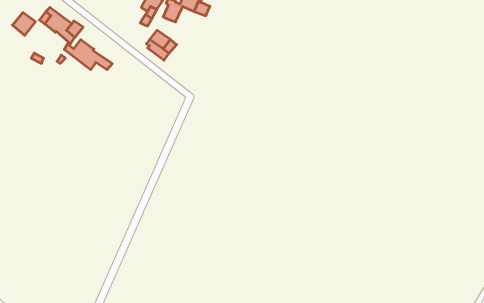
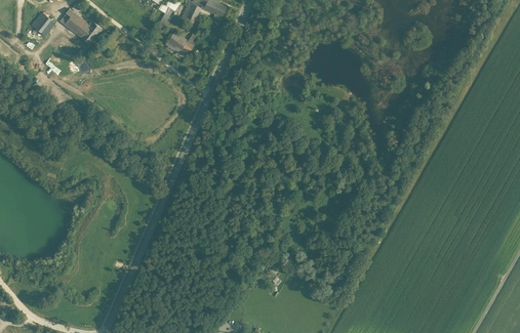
building: [64,40,112,70] -> none

